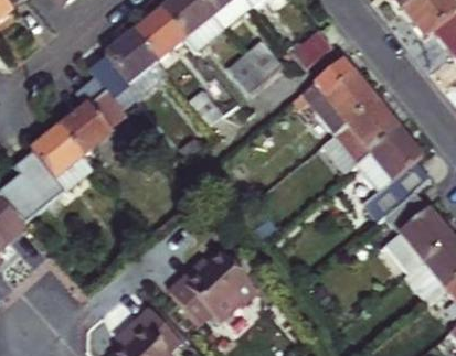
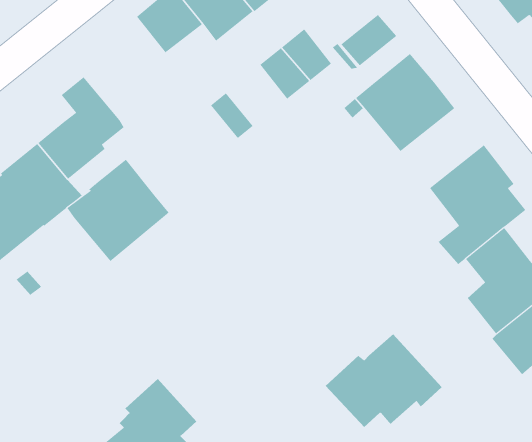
building: [88,31,167,109] -> [67,159,170,262]
building: [335,100,399,161] -> none
building: [169,249,258,321] -> [325,334,442,428]

